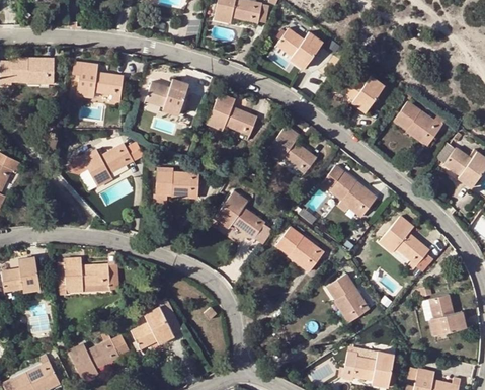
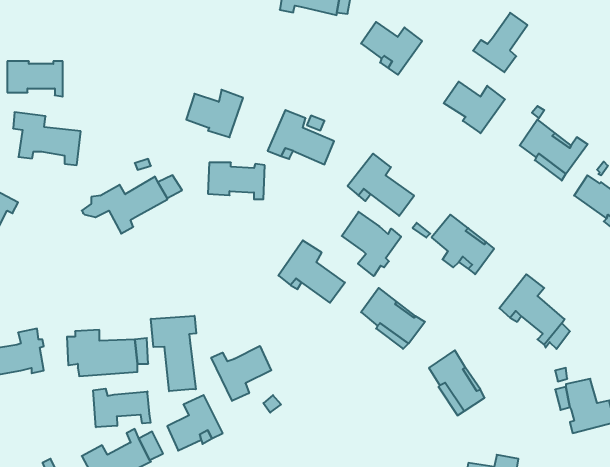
building: none -> [473,13,527,72]
building: [73,62,124,101] -> [13,112,81,165]
building: none -> [342,212,401,276]
building: [156,171,198,199] -> [208,163,265,199]
building: none -> [151,316,196,391]
building: none -> [211,346,271,401]
building: none -> [93,389,151,427]

